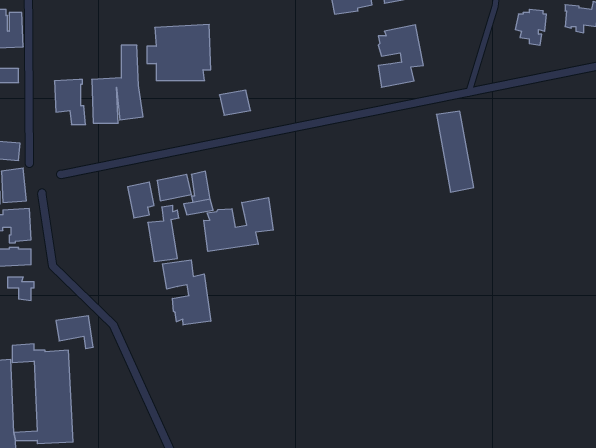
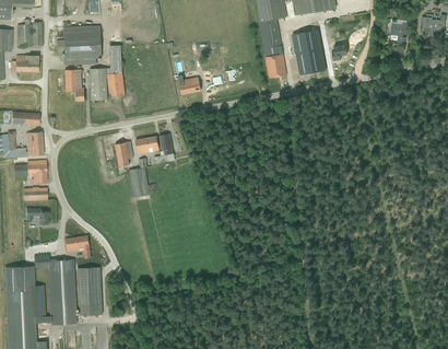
building: [147,25,211,81] -> [57,25,102,65]
building: [436,111,474,192] -> [260,21,286,78]
building: [204,198,273,251] -> none
building: [162,260,211,325] -> none
building: none -> [78,267,103,315]

